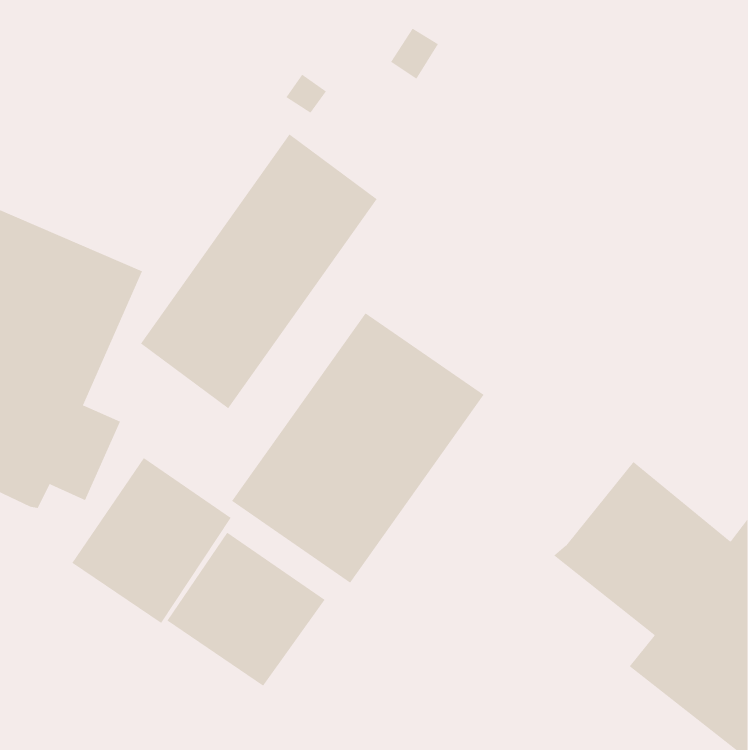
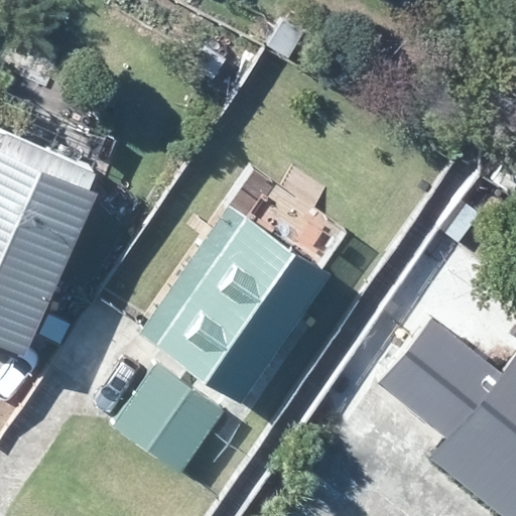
building: [140,134,377,409] -> none
building: [72,457,232,624] -> none

